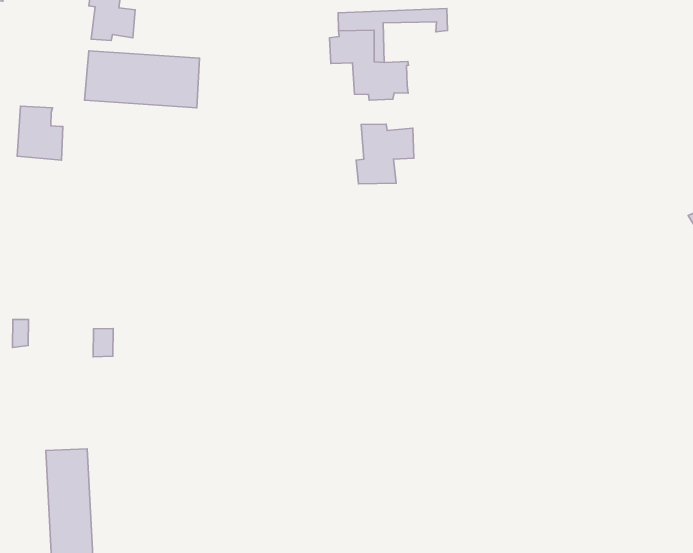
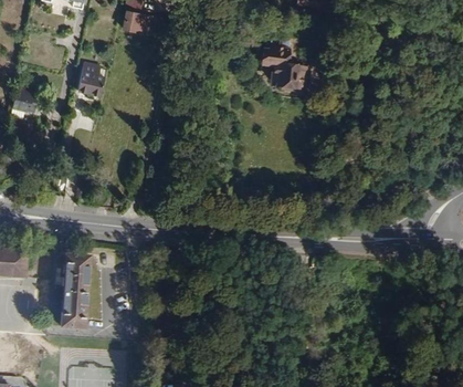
building: [85,51,199,108] -> none
building: [356,124,414,184] -> none

